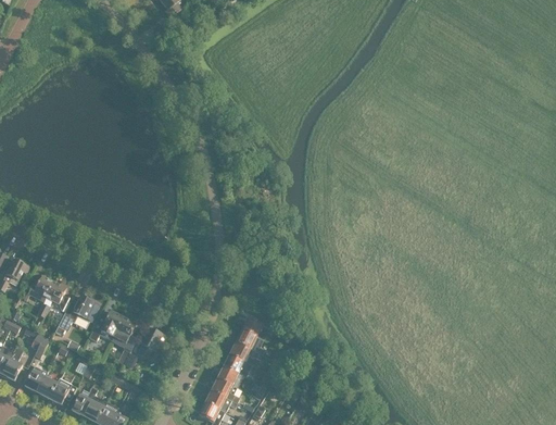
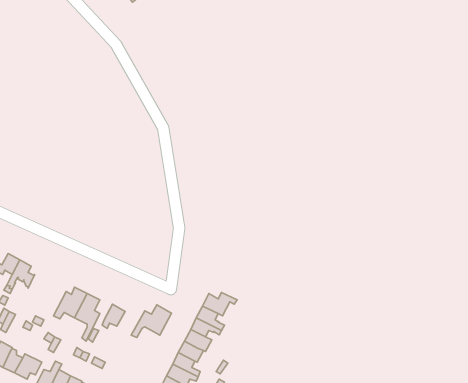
building: [54,295,99,335] -> none
building: none -> [131,305,172,337]

